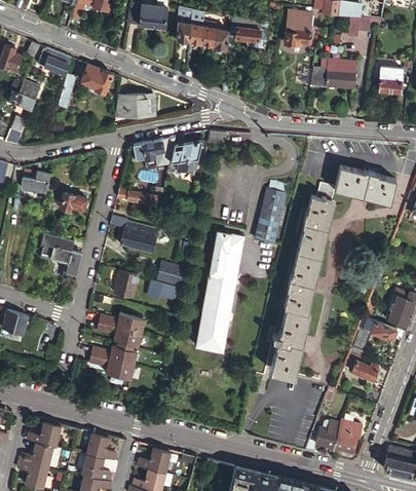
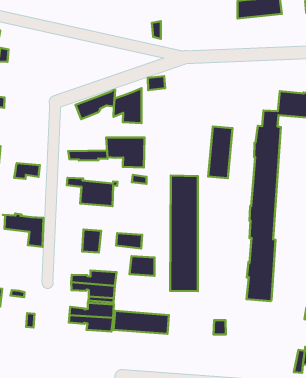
building: [80,65,112,95] -> none
building: [115,97,146,117] -> none
building: none -> [106,137,145,168]
building: [156,262,184,286] -> [130,256,154,276]
building: none -> [113,311,169,334]

